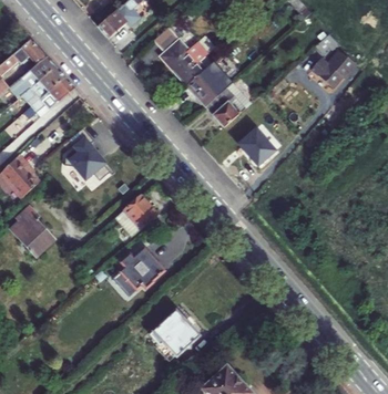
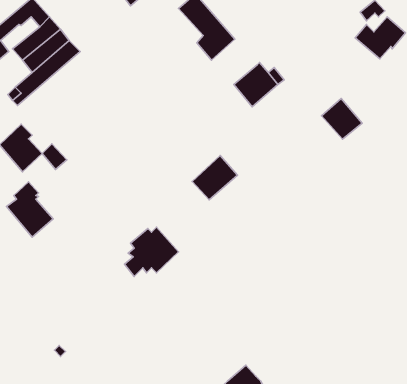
building: [192,75,233,116] -> none
building: [62,126,114,179] -> none
building: [244,136,280,173] -> [322,98,362,139]
building: [115,194,156,234] -> [192,156,237,200]
building: [149,308,198,359] -> none

